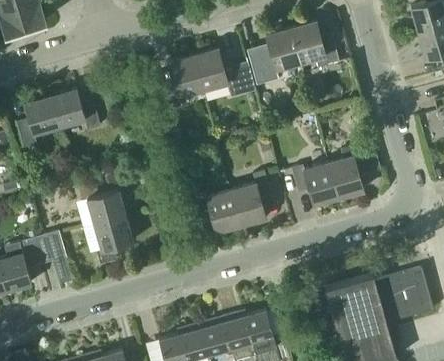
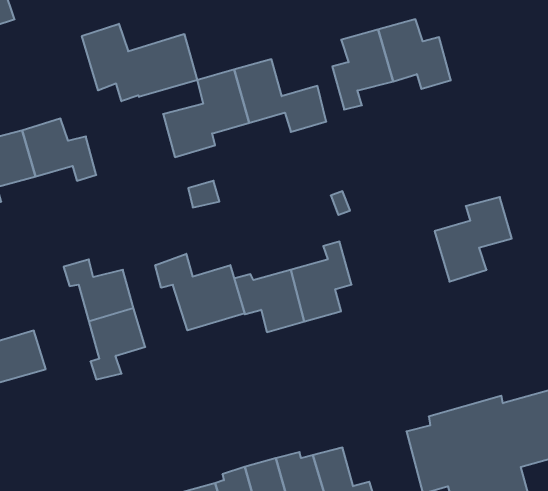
building: none -> [82,24,197,101]
building: [291,164,338,205] -> none
building: none -> [155,254,244,330]

